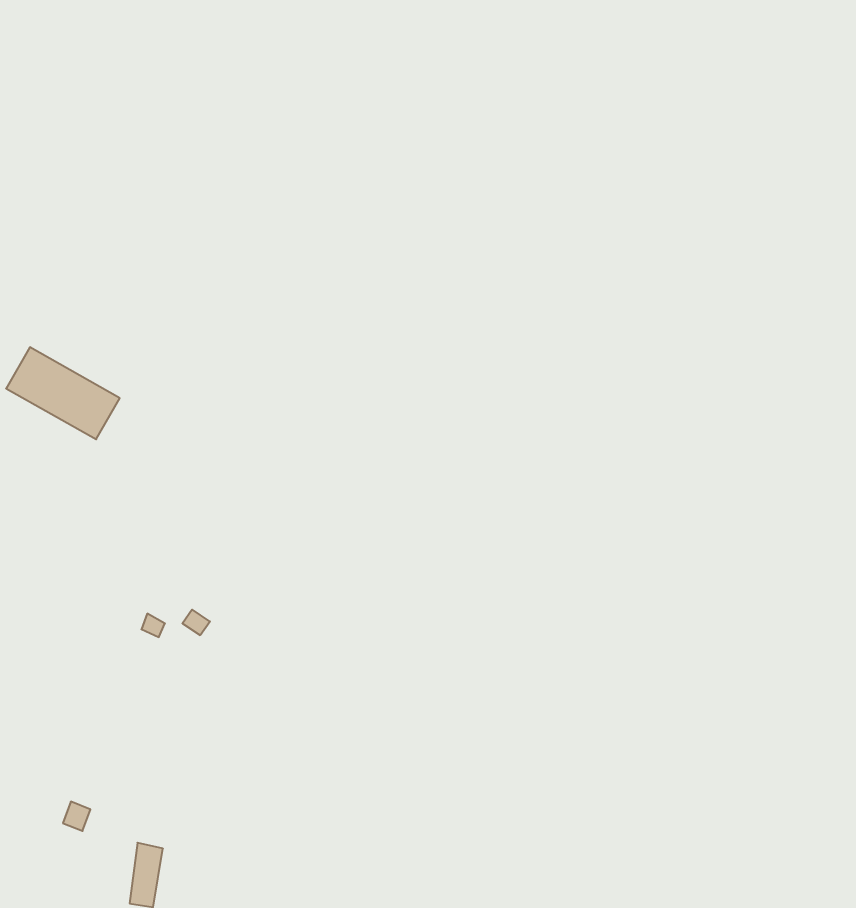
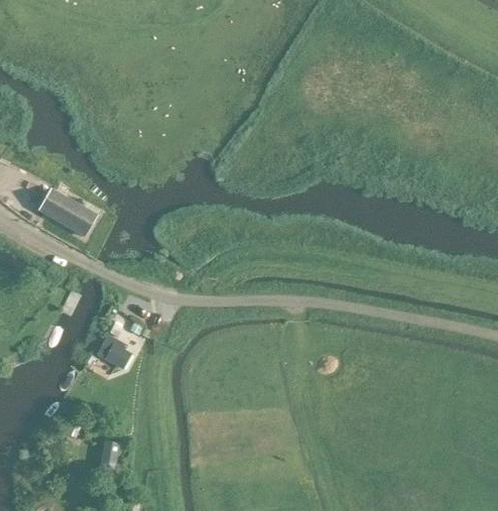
building: none -> [95,335,131,369]

